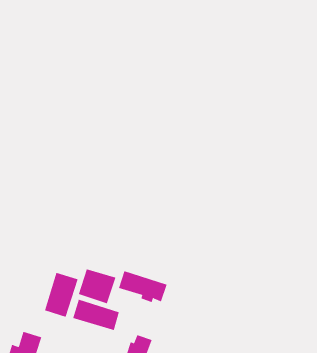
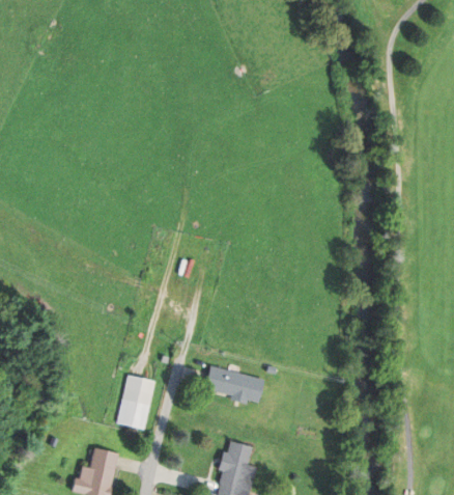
building: [78,268,116,304] -> none
building: [72,299,120,331] -> none

